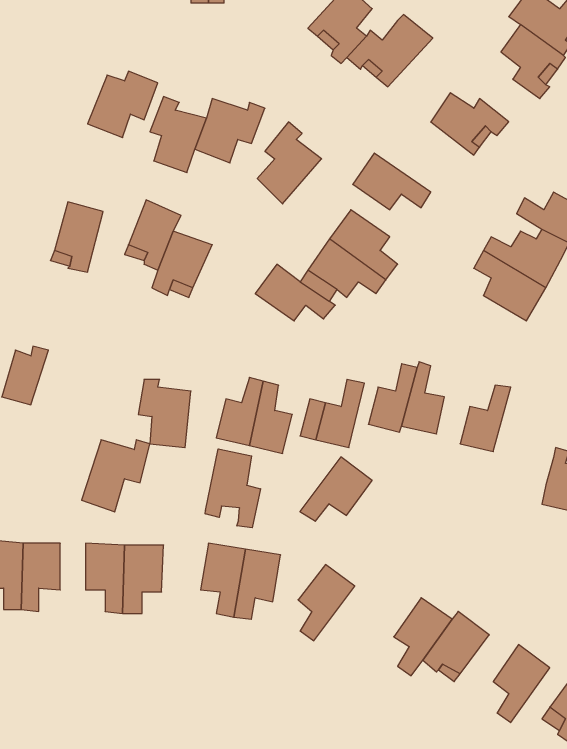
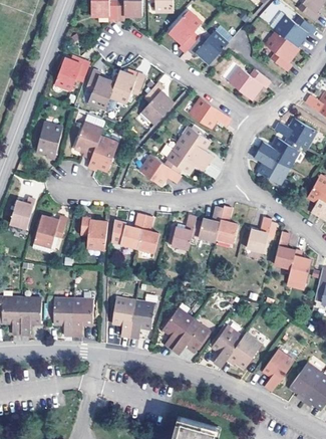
building: none -> [273,232,295,269]
building: [82,440,150,512] -> [32,215,67,252]
building: [205,449,261,528] -> none
building: [300,457,372,521] -> [171,321,208,355]

